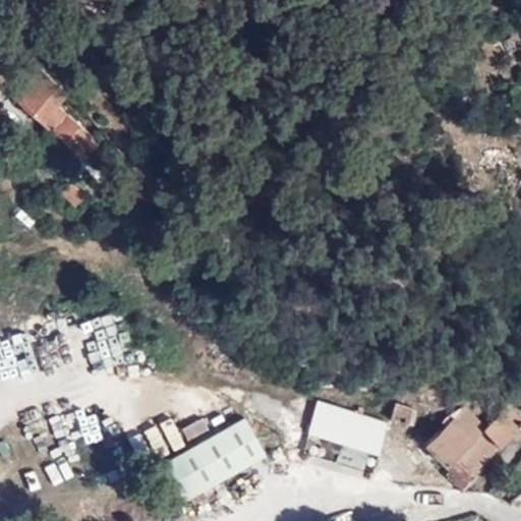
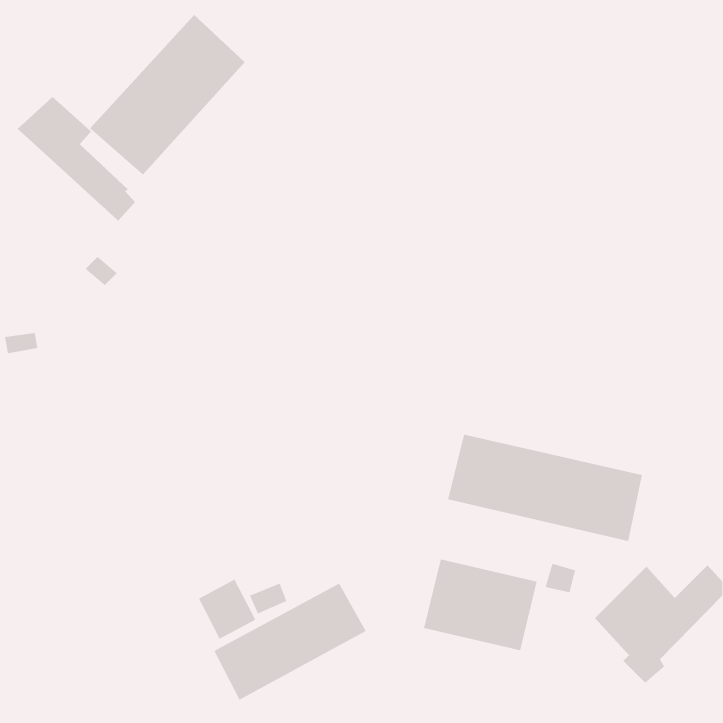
building: none -> [89,14,246,176]
building: none -> [448,434,642,542]

